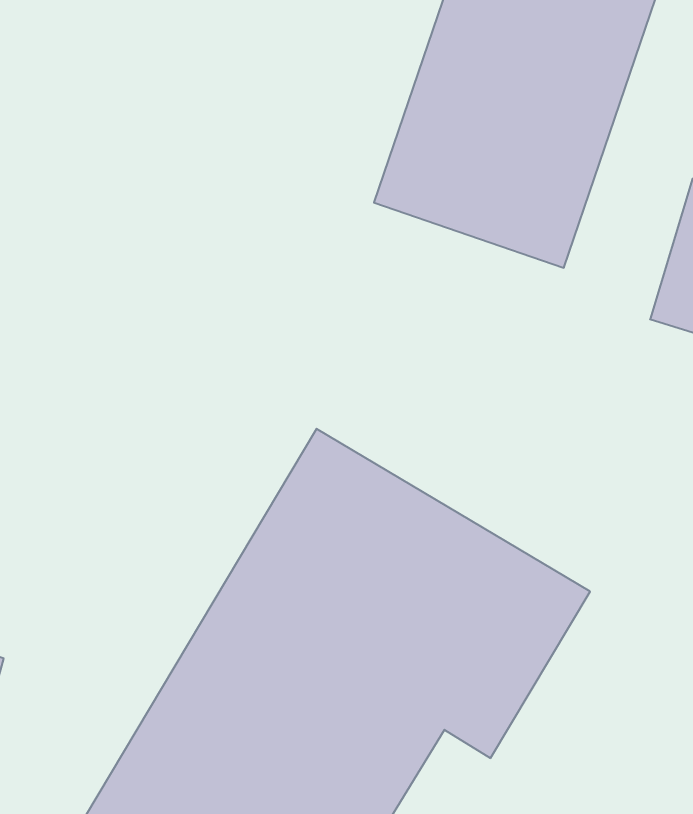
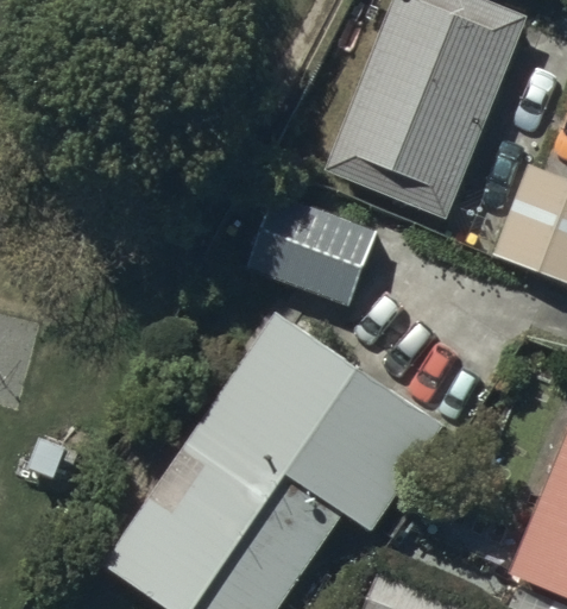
building: none -> [247,193,376,304]

